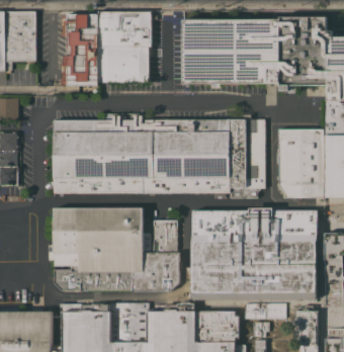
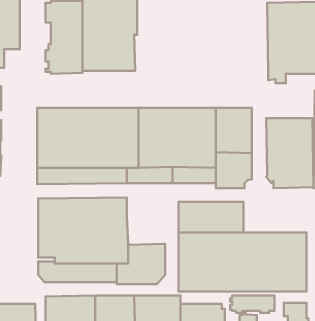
building: [181,18,279,83] -> none
building: [255,209,317,241] -> none
building: [141,219,176,253] -> none

